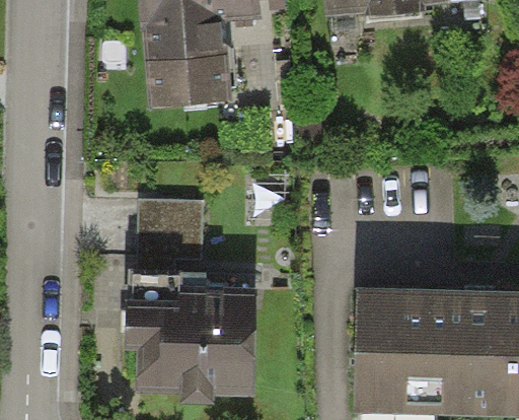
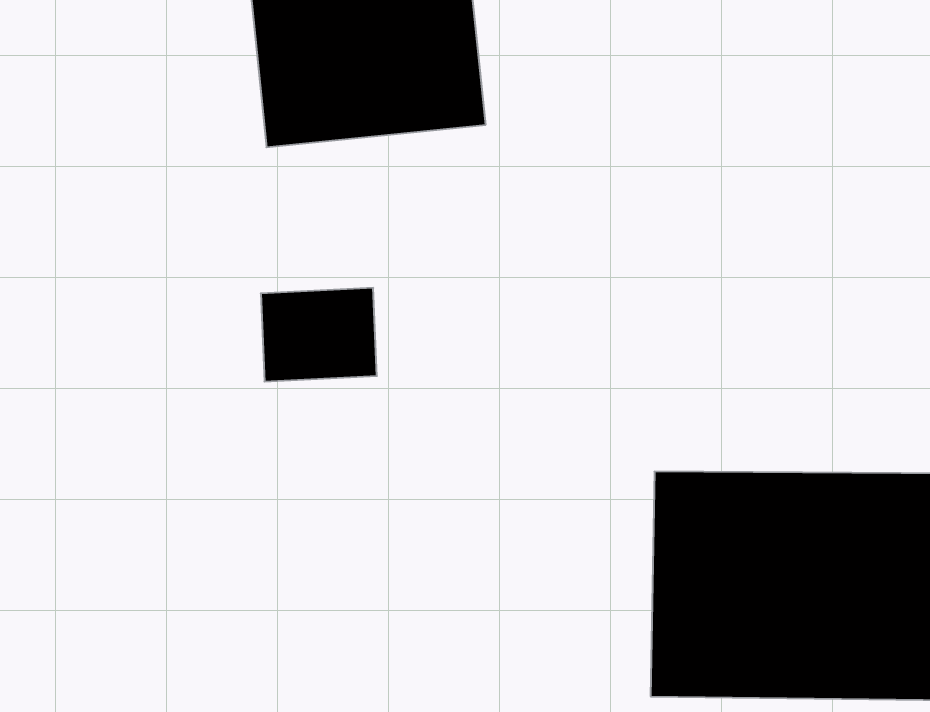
building: [128,287,257,393] -> none

